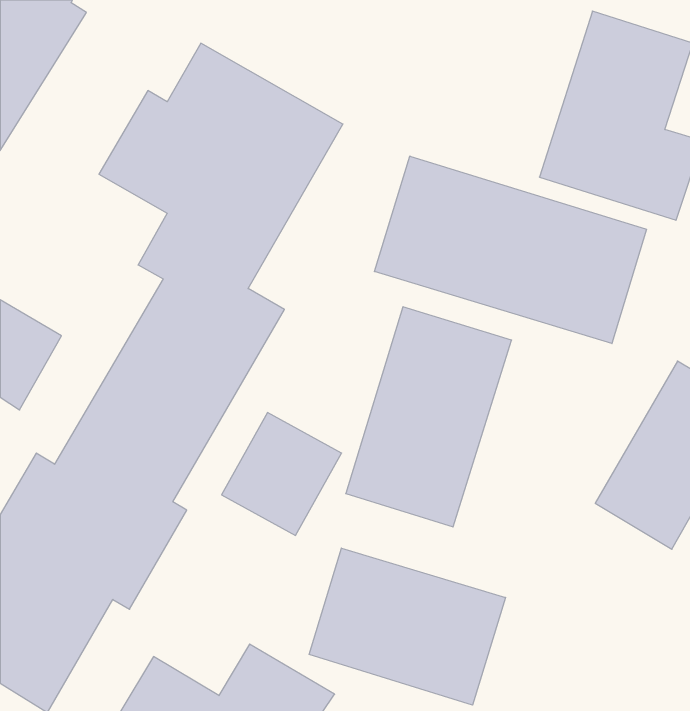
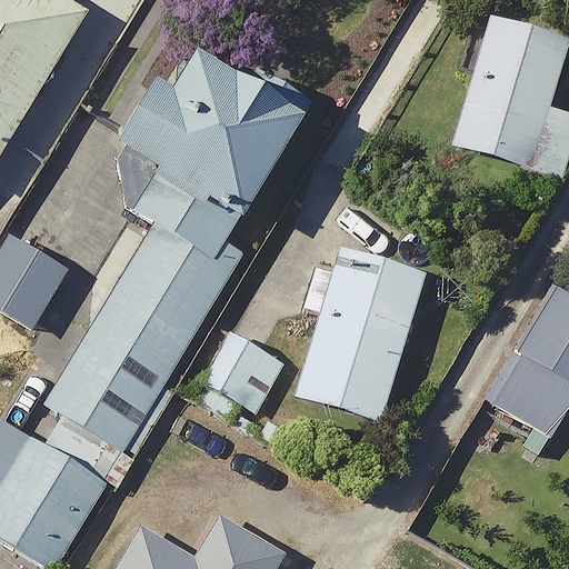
building: [374,156,647,344] -> none
building: [309,548,506,705] -> none

